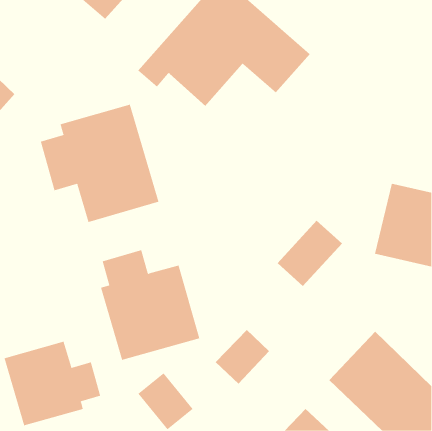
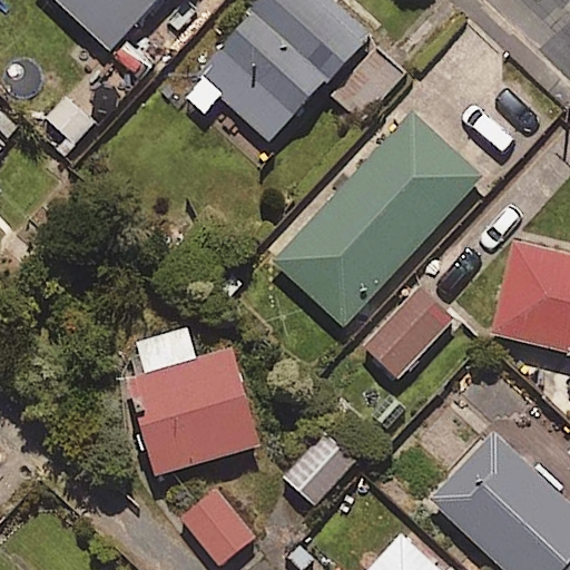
building: none -> [274,114,480,325]
building: [40,104,159,223] -> none
building: [4,341,101,426] -> none

